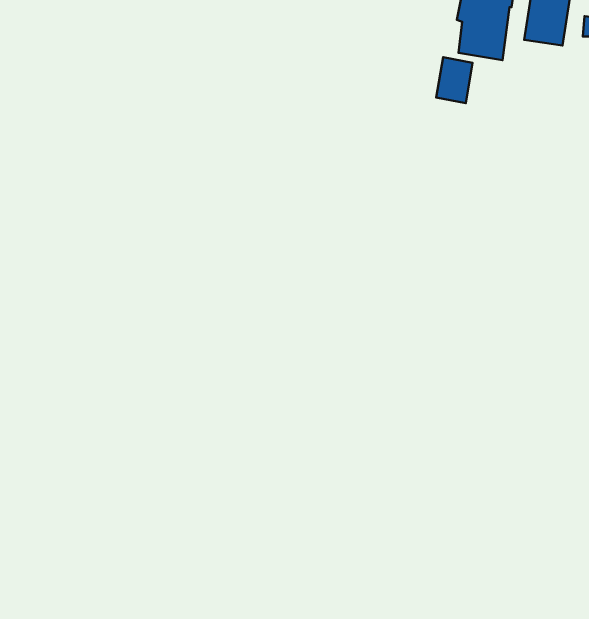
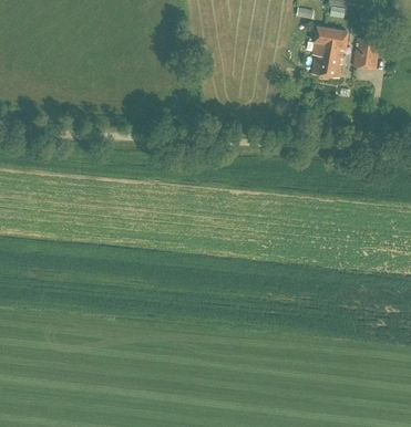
building: [436,57,473,103] -> none

